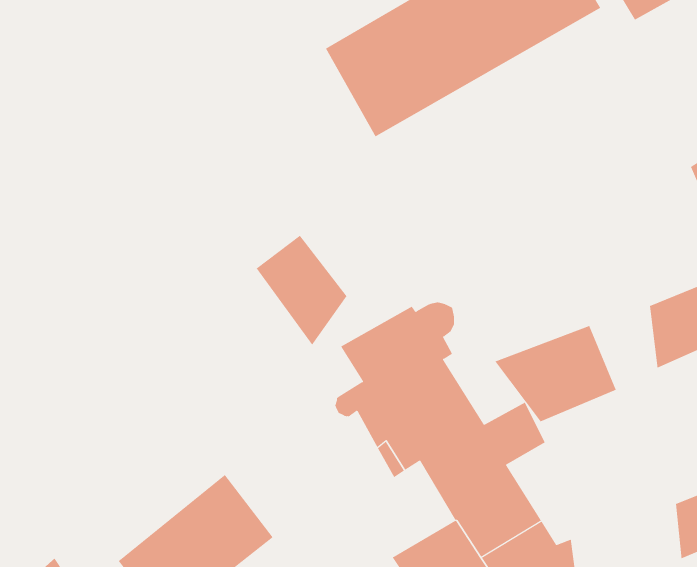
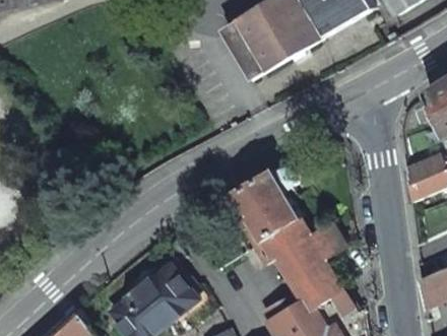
building: [256,235,347,345] -> none
building: [495,325,616,422] -> none

